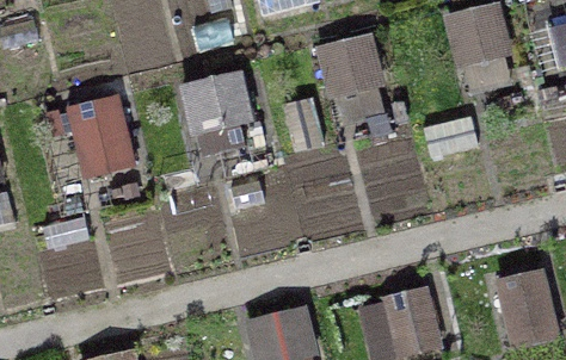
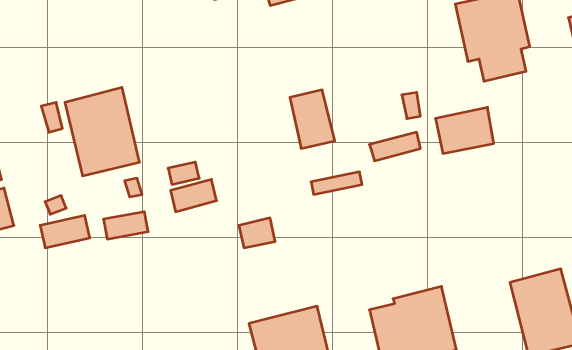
building: [314,31,392,136] -> none
building: [178,69,265,155] -> none

